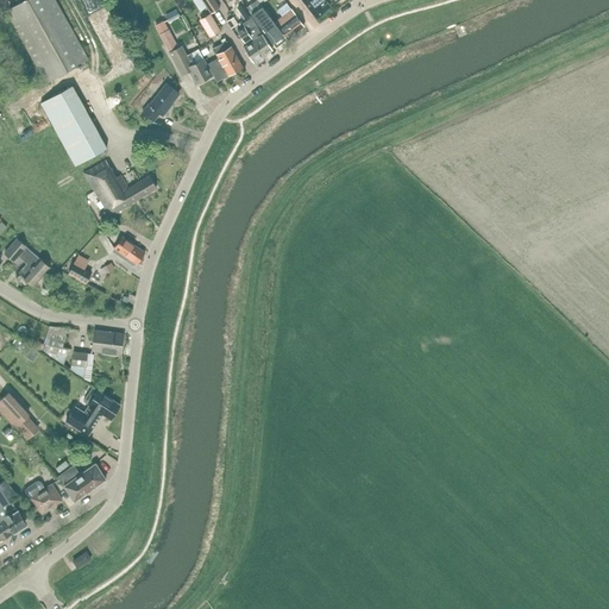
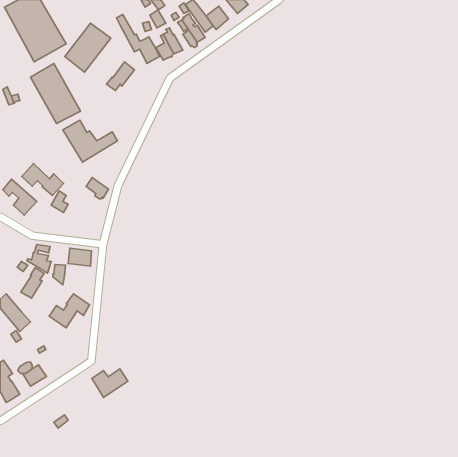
building: none -> [65,23,111,72]
building: none -> [22,163,64,196]
building: none -> [21,268,44,298]
building: [58,463,106,501] -> [92,369,128,397]

